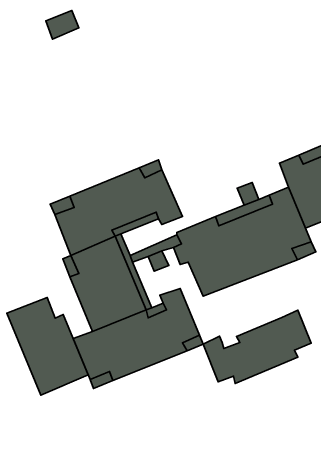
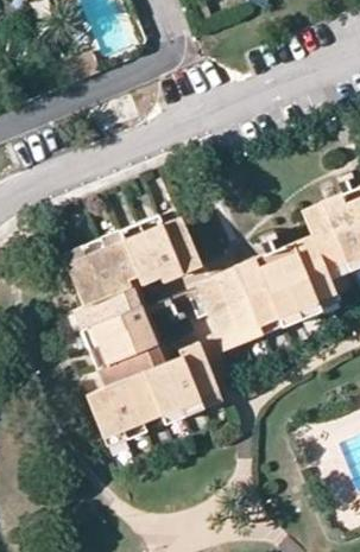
building: [7,298,88,395] -> none
building: [203,310,311,383] -> none

